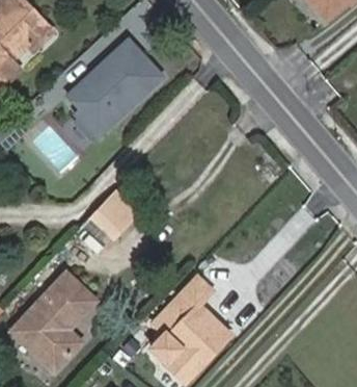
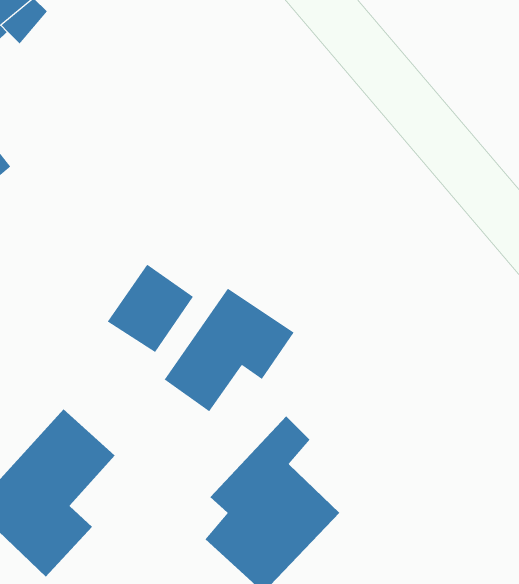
building: [67,37,163,136] -> none
building: none -> [164,288,294,412]

